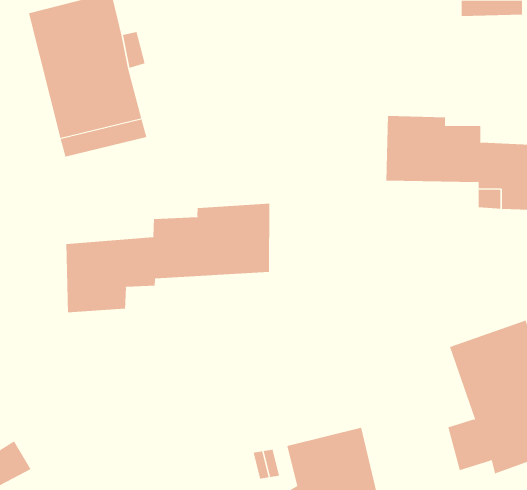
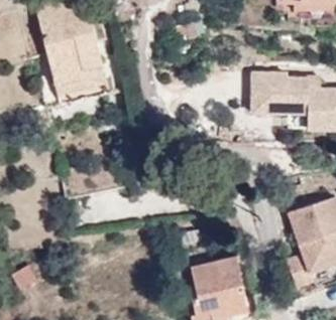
building: [66,203,270,313] -> none

